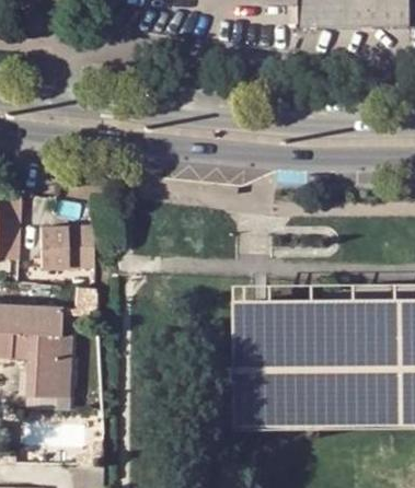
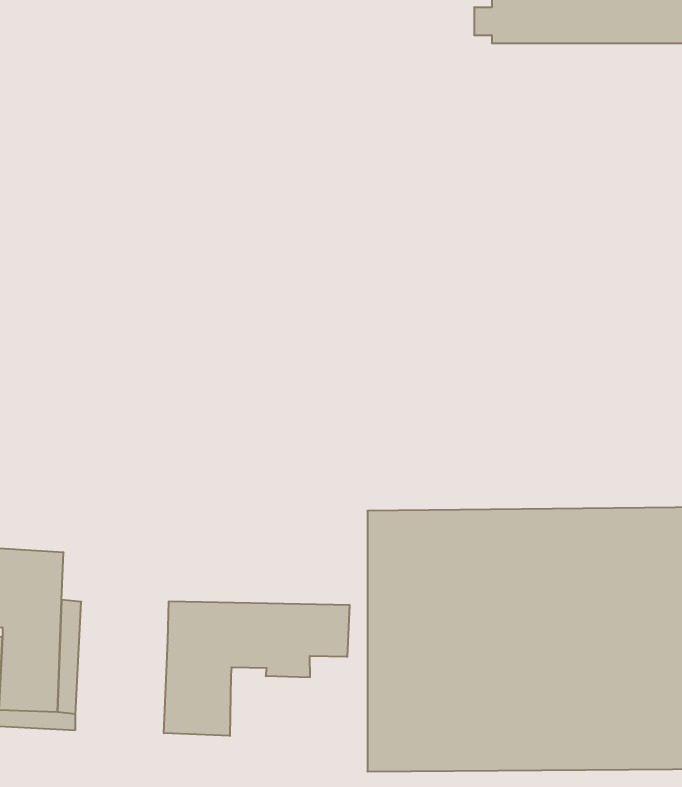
building: [42,222,95,267] -> none
building: none -> [164,601,349,736]

